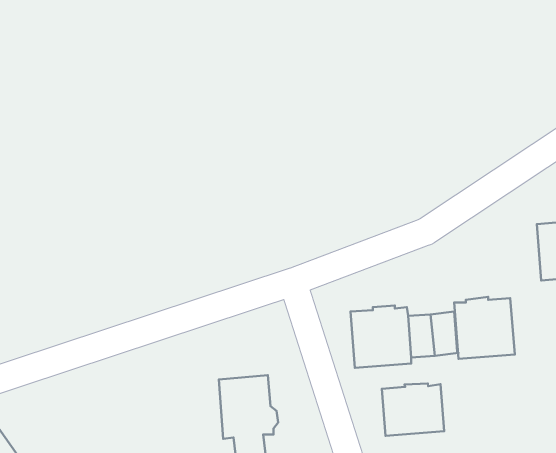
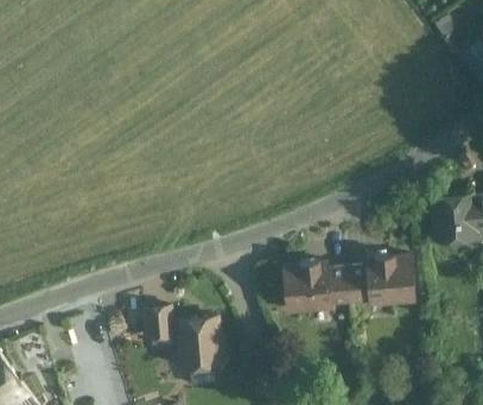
building: none -> [147,308,176,338]
building: [382,384,444,436] -> none

